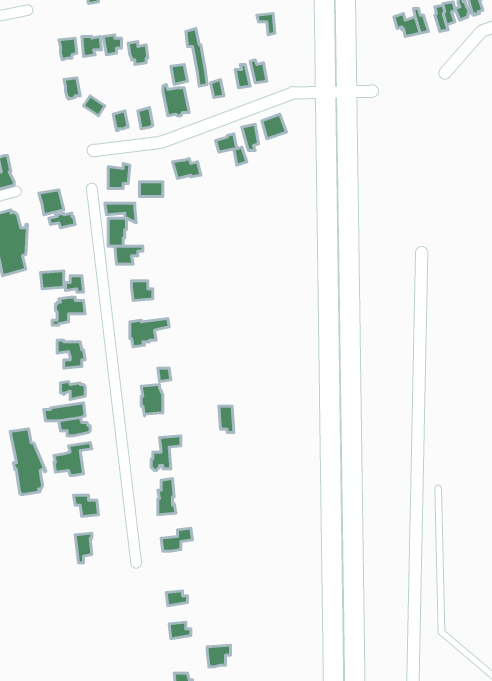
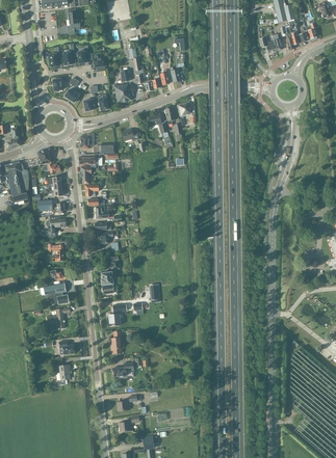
building: [10,429,46,495] -> none

